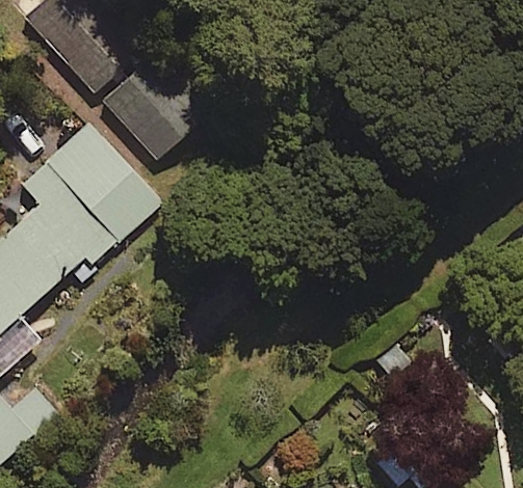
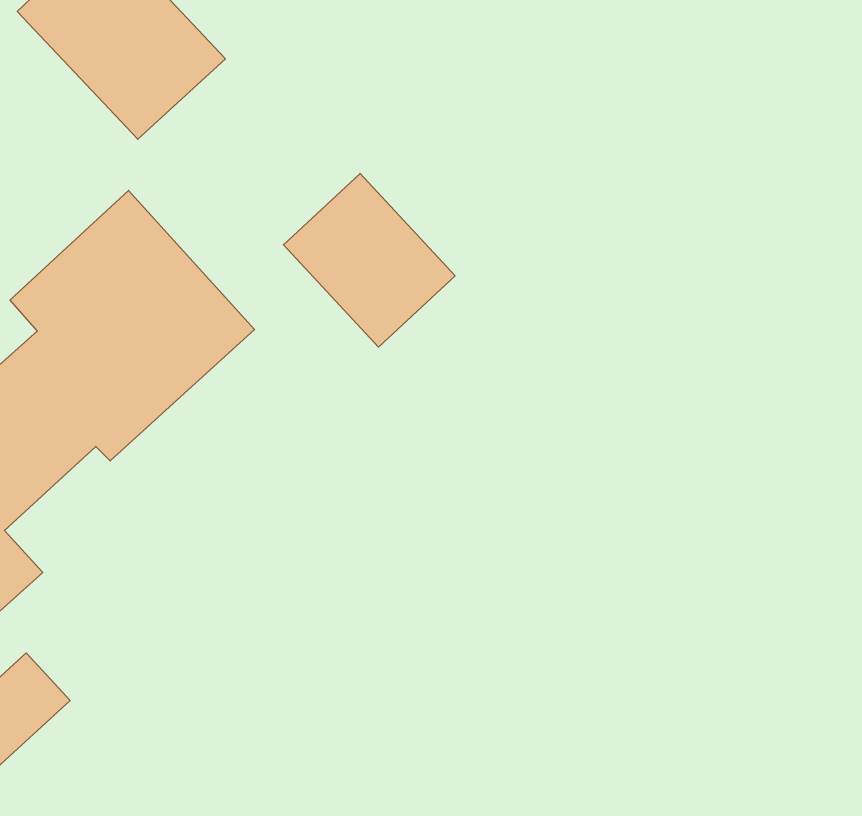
building: [105,59,203,158] -> [283,173,455,347]

